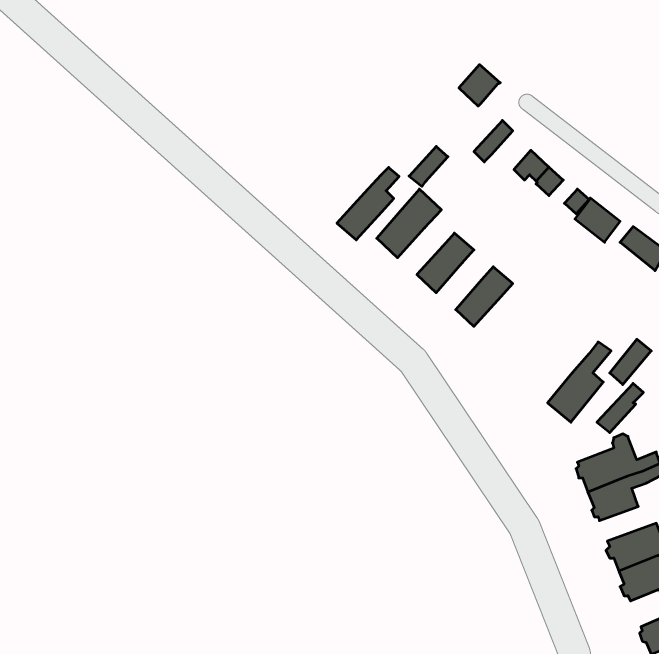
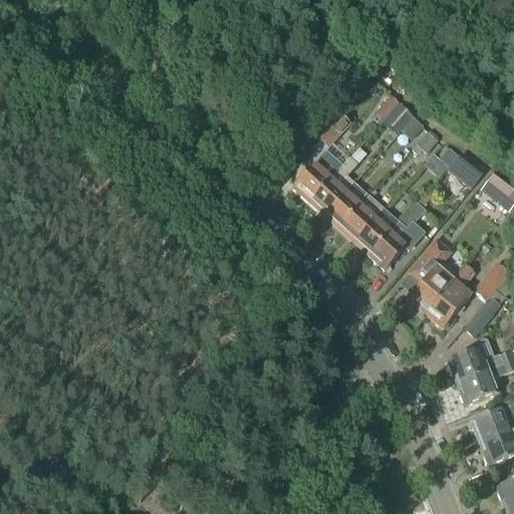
building: [459,65,500,106] -> [383,101,416,134]
building: [337,167,399,240] -> [310,157,358,213]
building: none -> [340,194,384,240]
building: none -> [369,201,425,268]
building: none -> [410,241,459,312]

